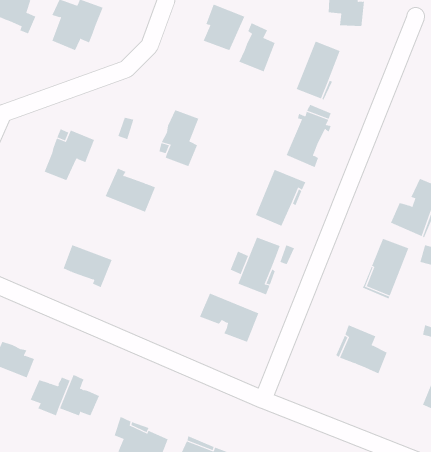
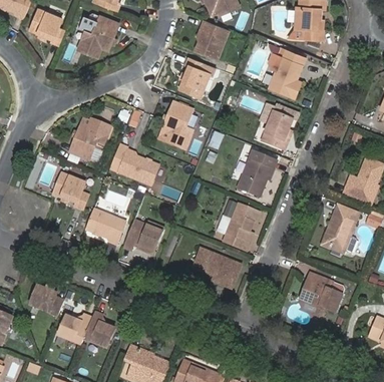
building: [239,22,276,72] -> [179,57,209,96]
building: none -> [53,173,87,209]
building: none -> [123,221,162,255]

